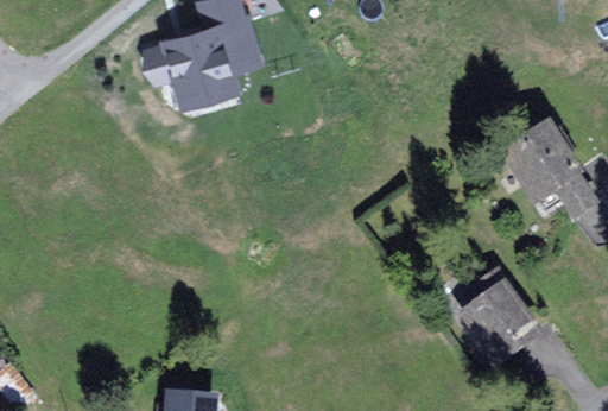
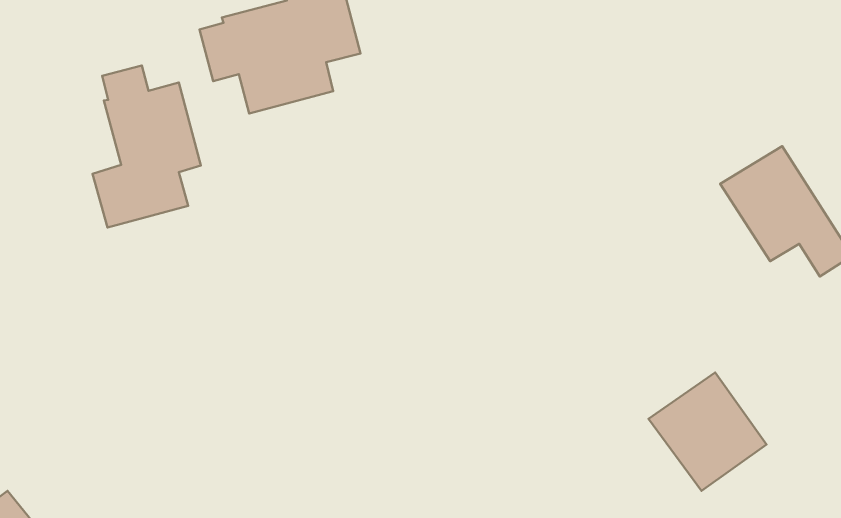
building: none -> [92,65,201,228]

